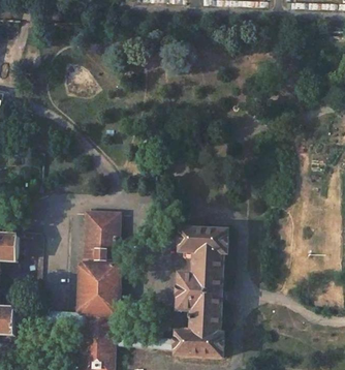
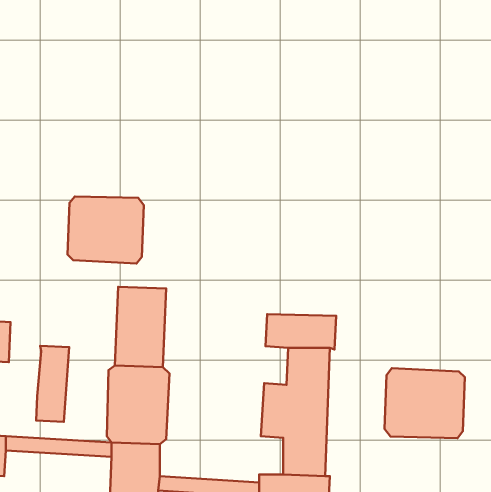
building: none -> [67,196,144,263]
building: none -> [36,346,69,422]
building: none -> [384,368,465,438]

